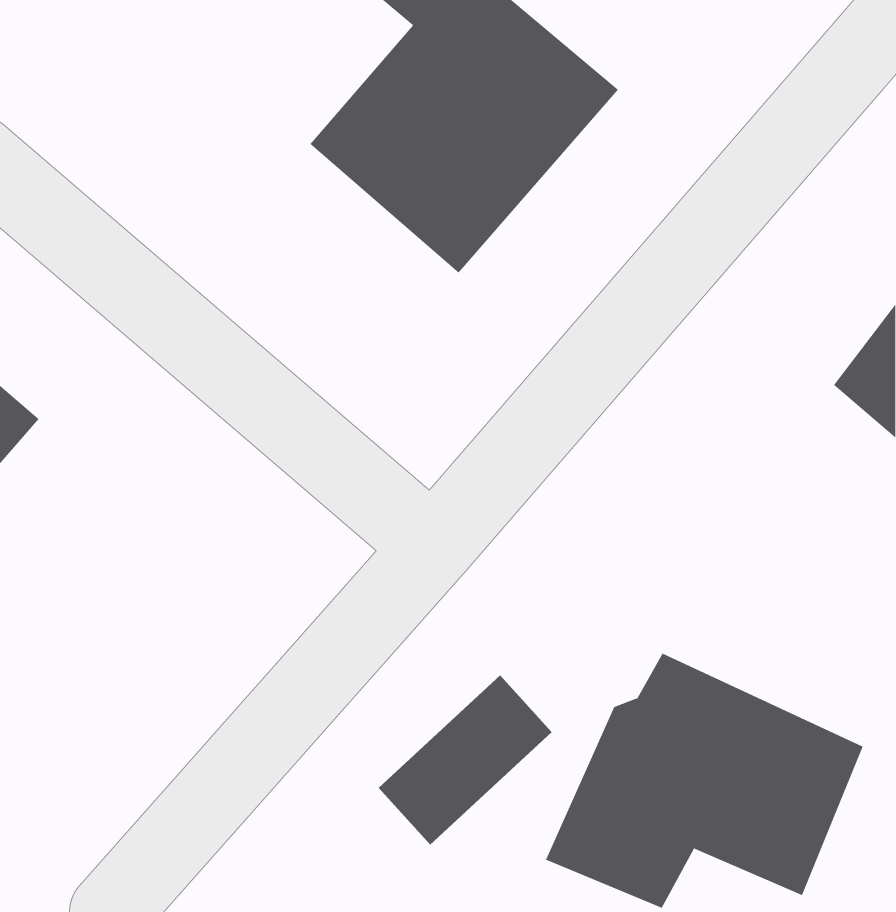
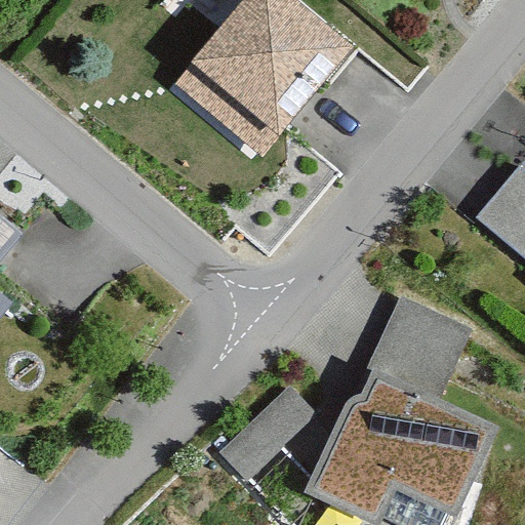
building: none -> [371,295,471,391]

